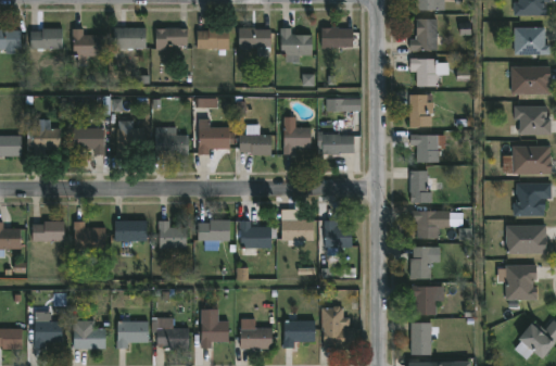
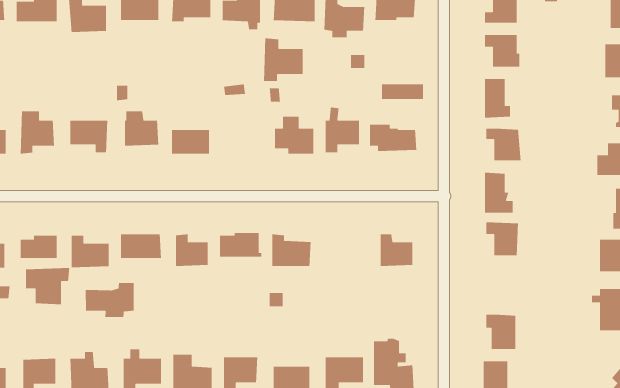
building: [195,119,228,155] -> [263,38,303,82]
building: [279,209,311,245] -> none
building: [410,247,432,279] -> none
building: none -> [25,267,70,305]
building: none -> [85,282,135,318]

